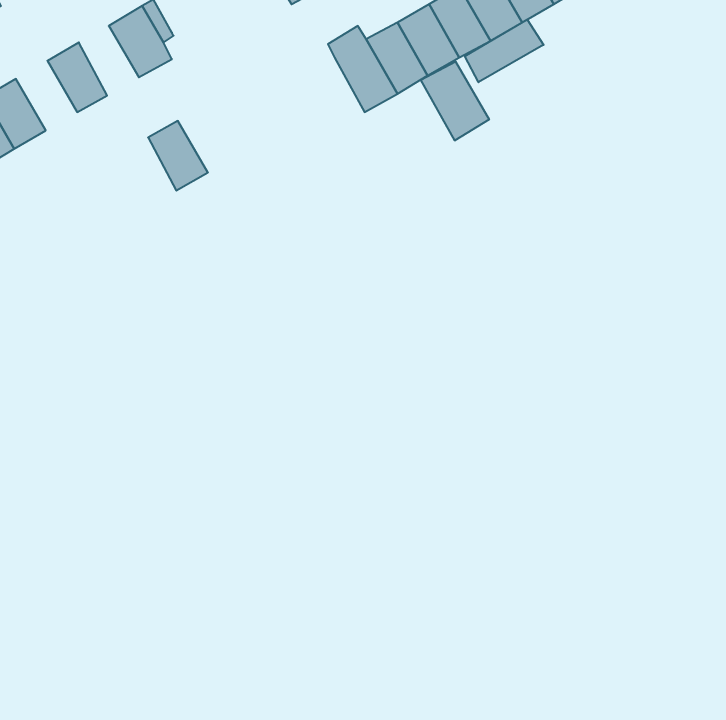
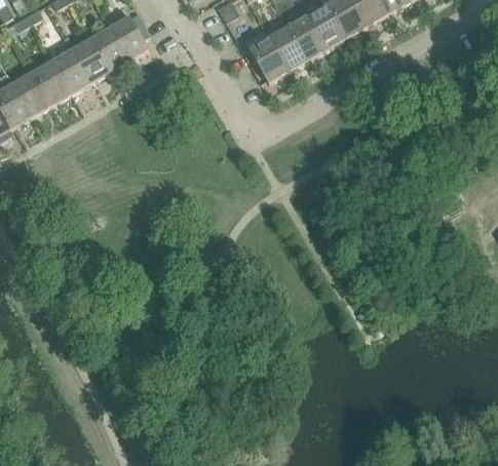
building: [465,20,544,82] -> none
building: none -> [51,50,89,93]
building: [421,61,489,141] -> none
building: [148,121,208,191] -> [90,29,127,72]

